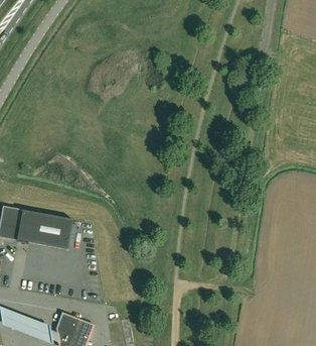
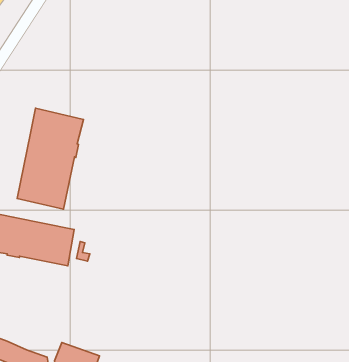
building: none -> [17,108,83,209]

